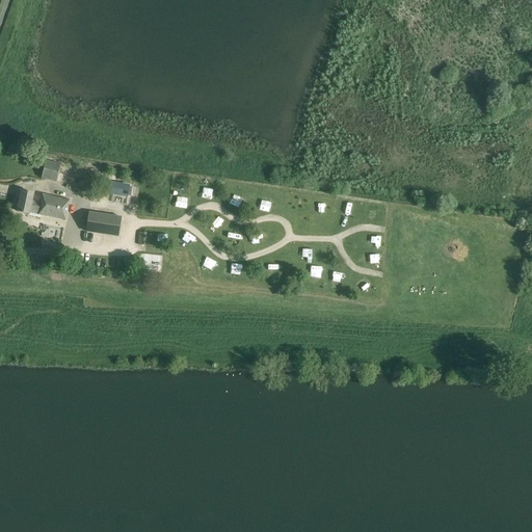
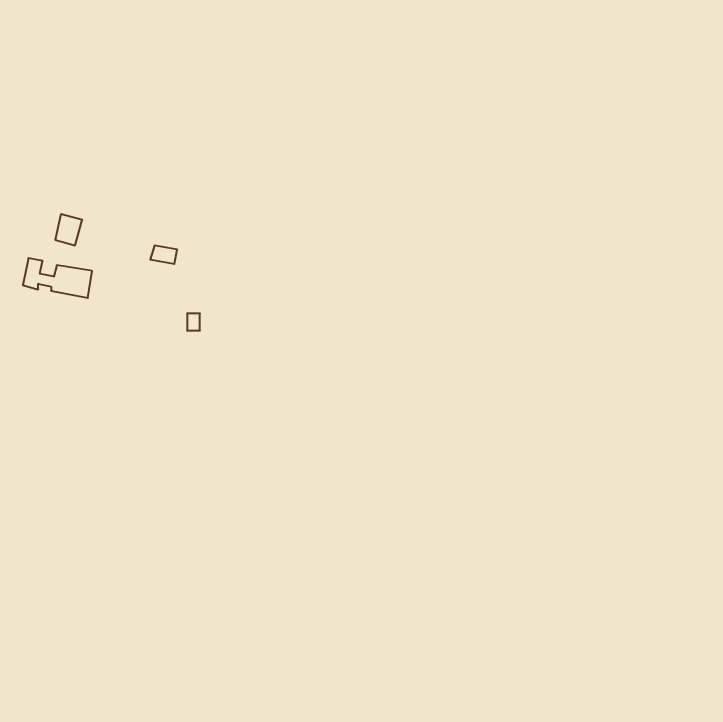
building: [85,210,121,234] -> none

